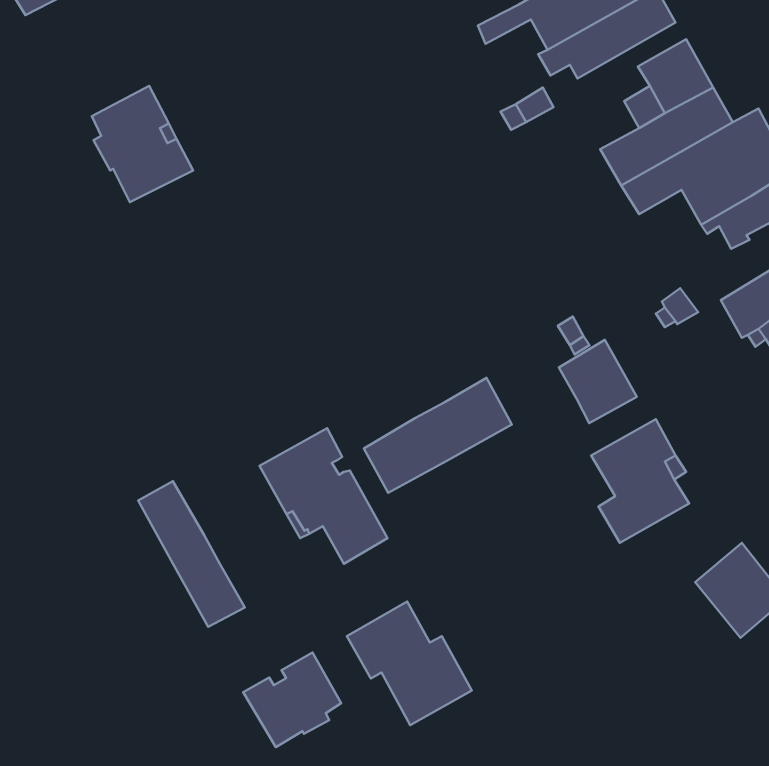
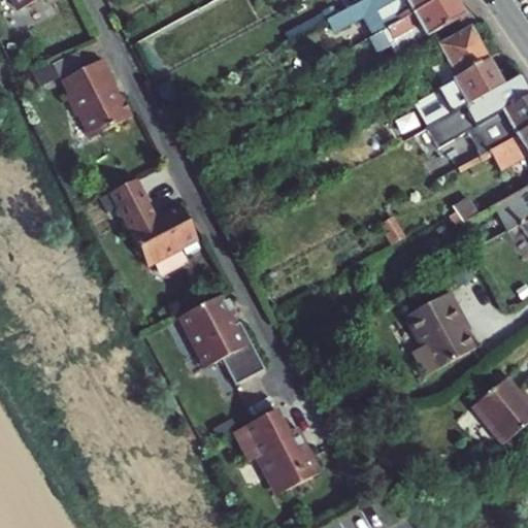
building: none -> [106,176,201,265]
building: [559,340,637,423] -> none
building: [364,378,512,493] -> none
building: [138,481,245,627] -> none
building: [243,653,341,747] -> none

